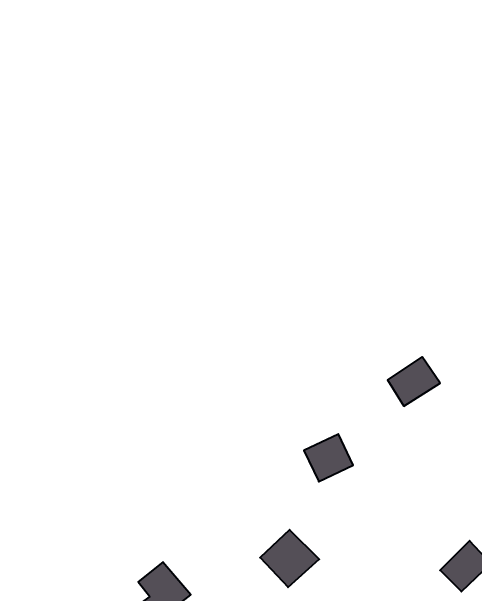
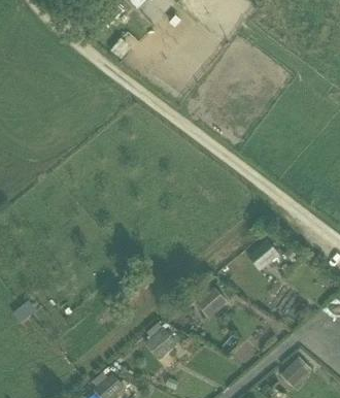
building: [260,530,319,587] -> [142,323,179,359]

